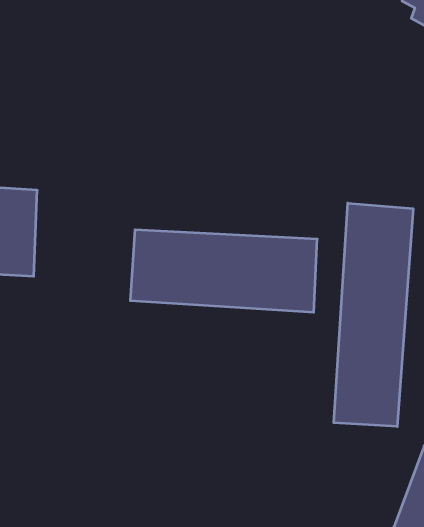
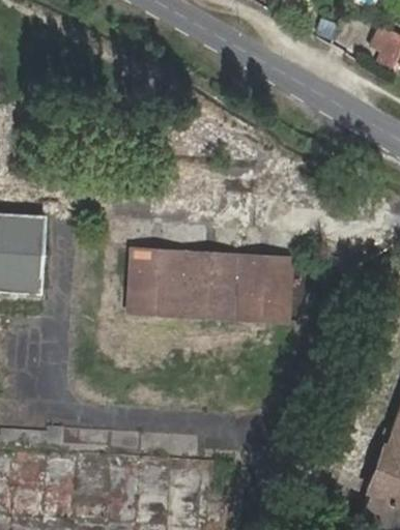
building: [334,203,413,427] -> none

